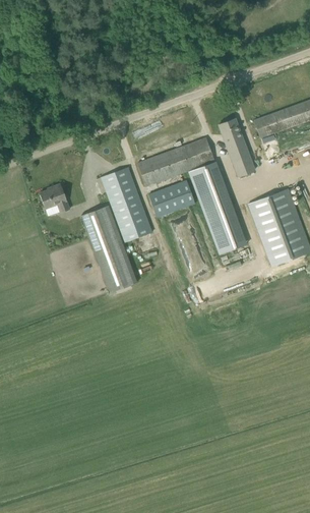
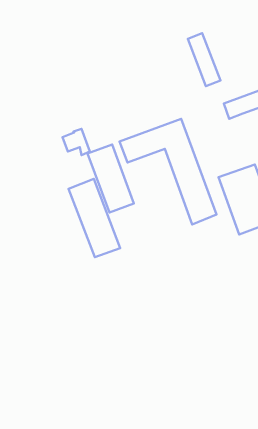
building: [219,118,255,177] -> [188,33,220,86]
building: [149,181,195,217] -> none
building: [40,183,70,213] -> [62,129,90,155]

